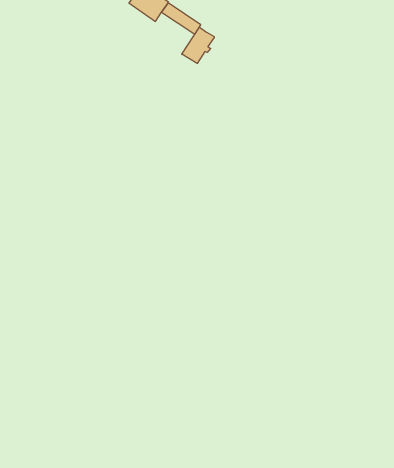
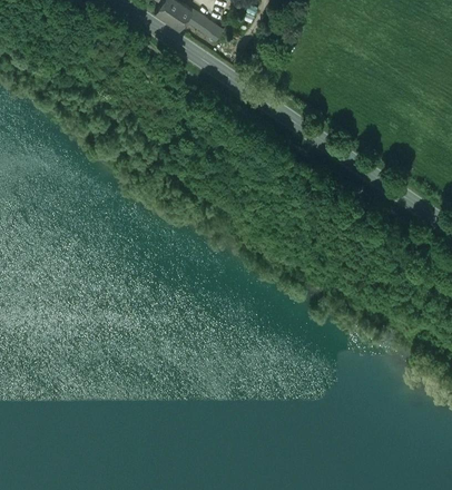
building: [182,27,214,63] -> none

